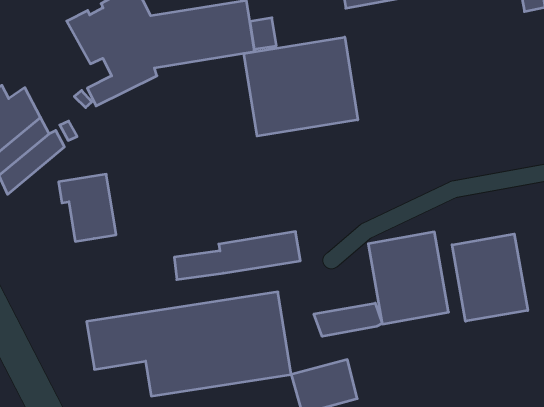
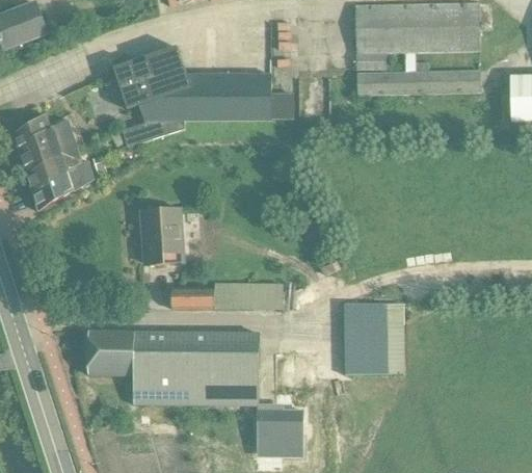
building: [244,37,358,136] -> none
building: [59,174,116,241] -> [141,208,184,262]
building: [452,234,528,321] -> none
building: [314,303,382,336] -> none

